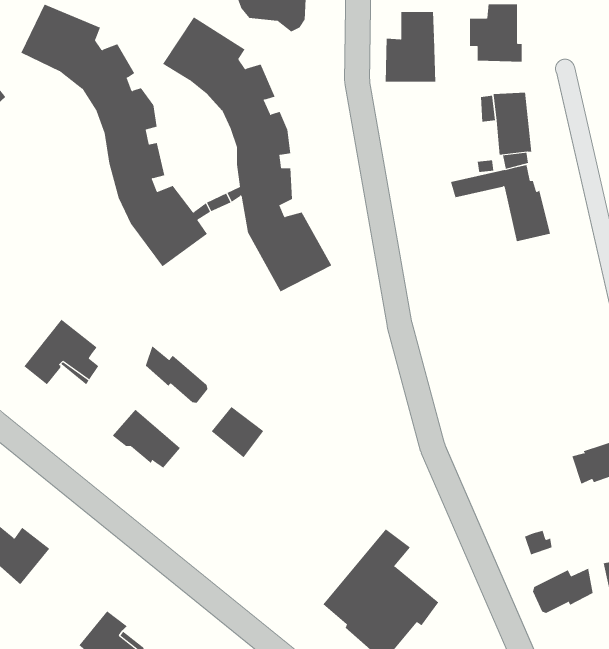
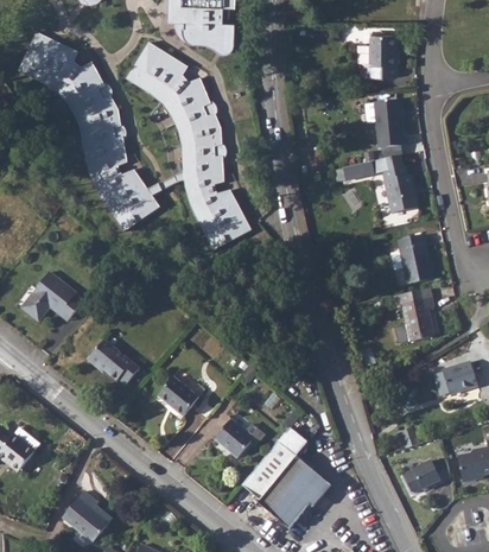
building: [385,11,436,82] -> none
building: none -> [390,234,433,284]
building: none -> [394,287,433,343]
building: [145,345,208,403] -> none
building: [211,406,264,458] -> [158,376,198,415]
building: none -> [215,419,262,457]

